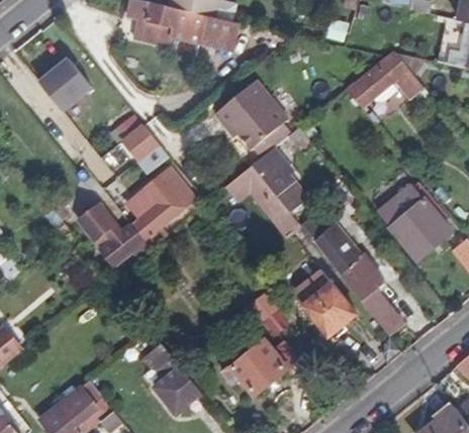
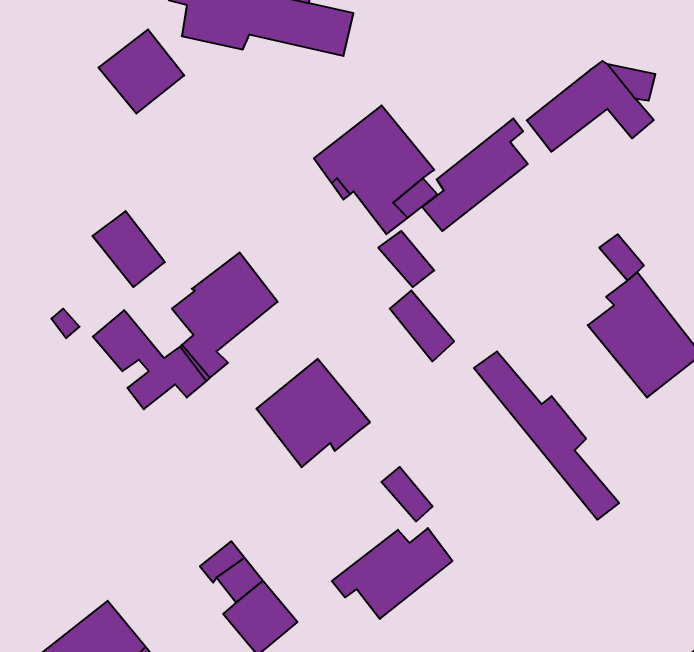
building: [38,59,91,110] -> [98,29,184,114]
building: none -> [422,118,528,231]
building: [122,125,167,172] -> [92,211,165,287]
building: [221,164,274,203] -> none
building: none -> [256,359,370,467]
building: [295,270,355,332] -> none

